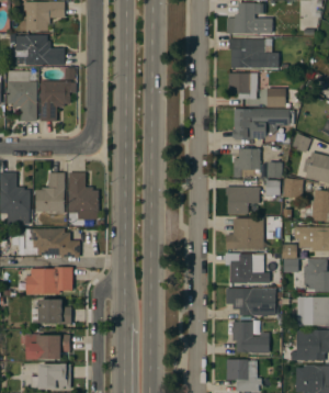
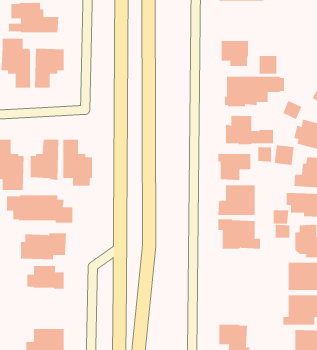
building: [228,38,279,68] -> none
building: [225,288,275,317] -> none
building: [231,321,269,352] -> none
building: [25,334,69,359] -> none

